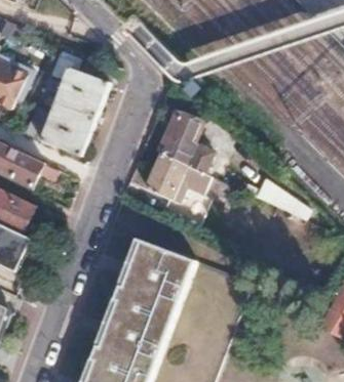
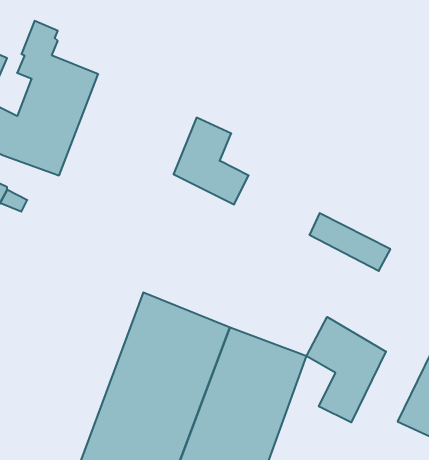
building: [144,153,233,208] -> none
building: none -> [307,317,386,422]

